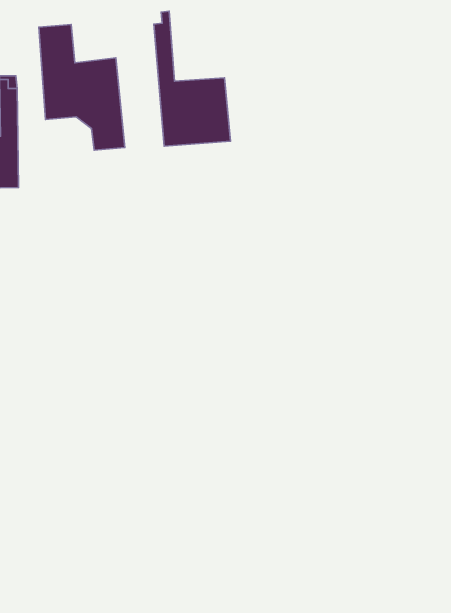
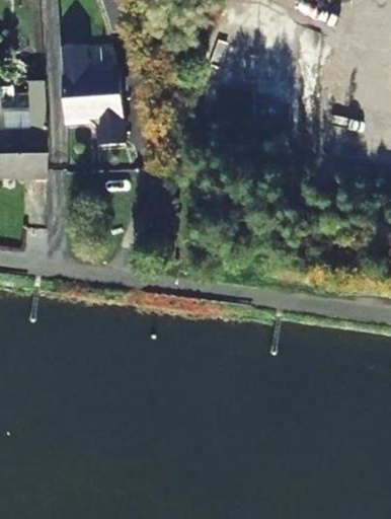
building: [154,11,230,146] -> none

